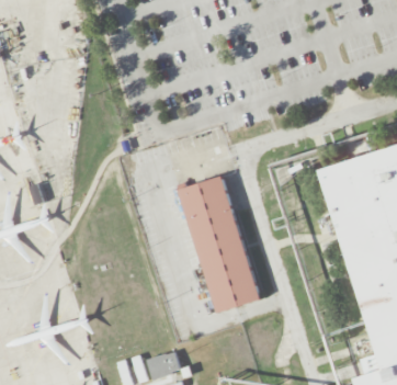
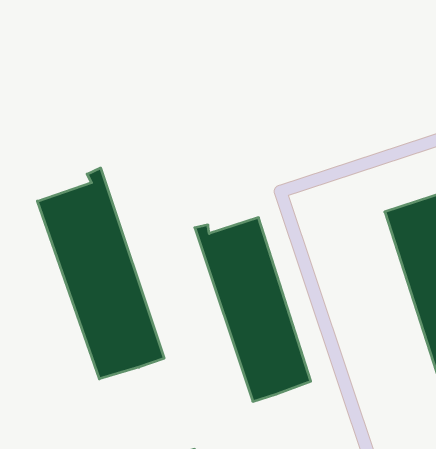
building: none -> [37,168,164,379]

